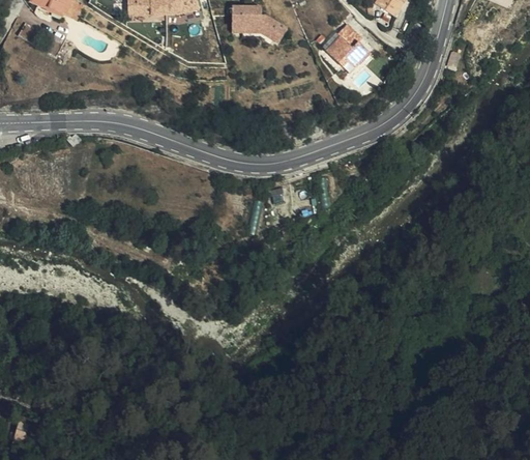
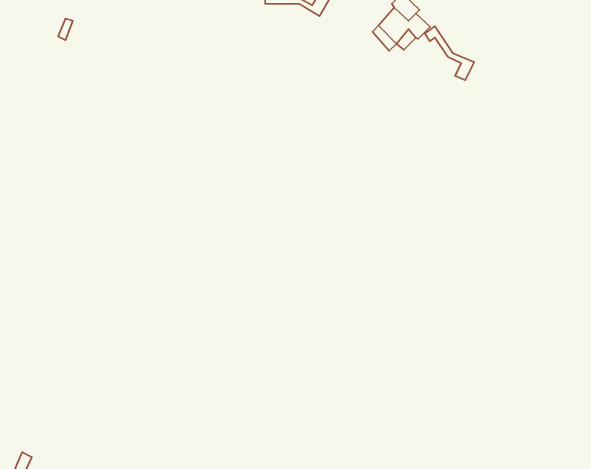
building: none -> [425,26,474,80]

